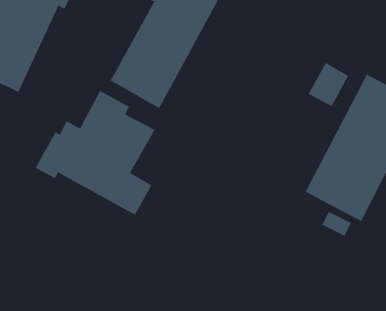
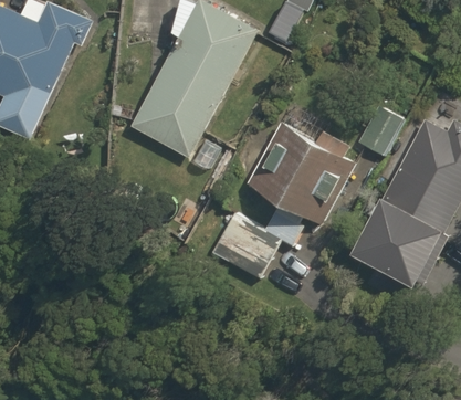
building: none -> [216,123,355,277]
building: [35,90,155,215] -> none

